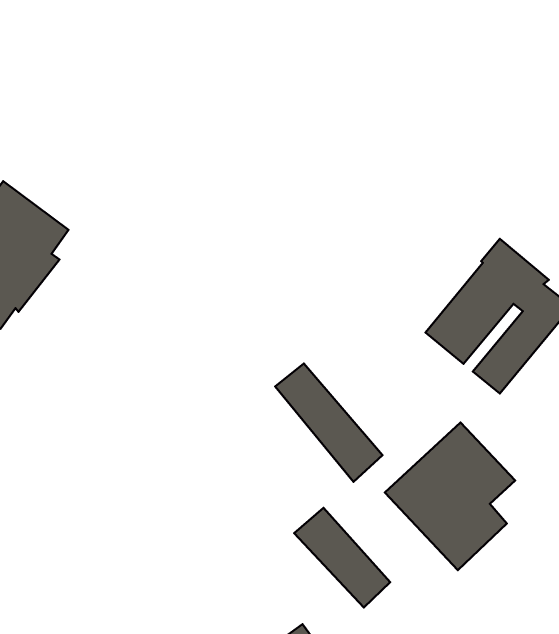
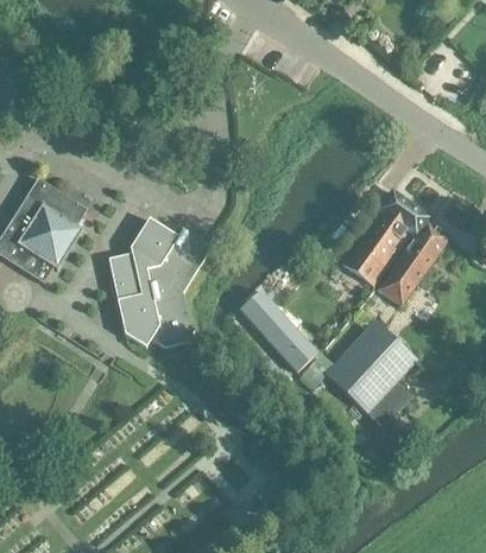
building: none -> [108,217,209,345]
building: [294,508,390,607] -> none

